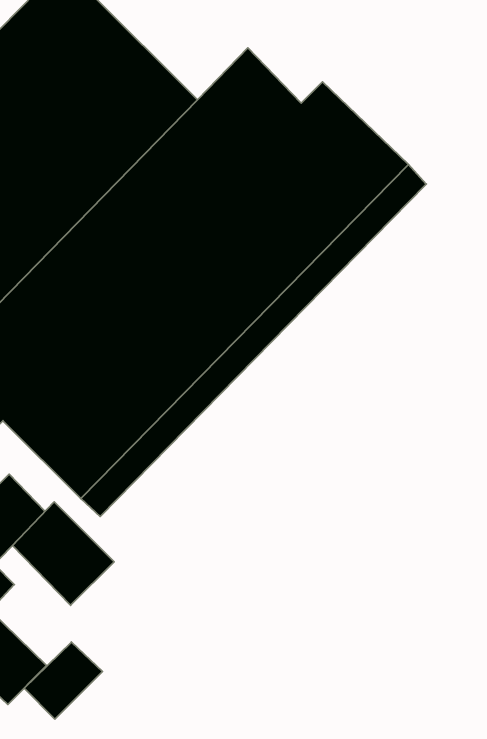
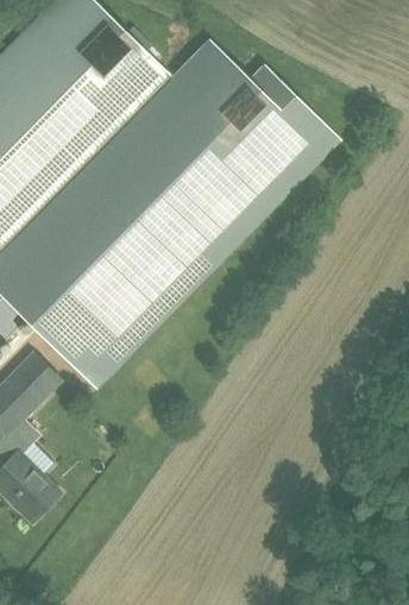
building: [13,502,114,605] -> none
building: [24,642,102,719] -> none

